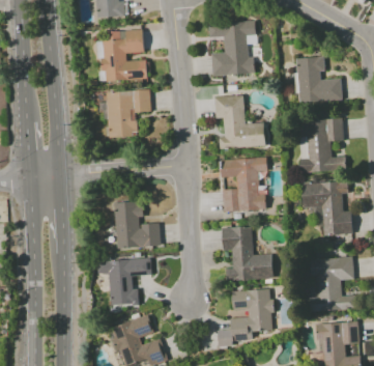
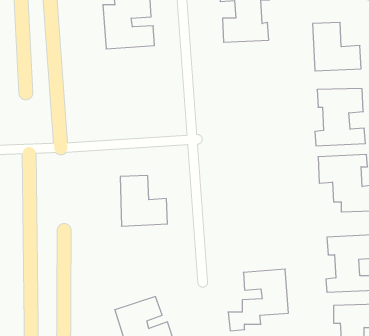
building: [107,89,150,137] -> none
building: [215,94,265,147] -> none
building: [221,157,267,210] -> none
building: [222,225,272,280] -> none
building: [97,258,151,305] -> none

